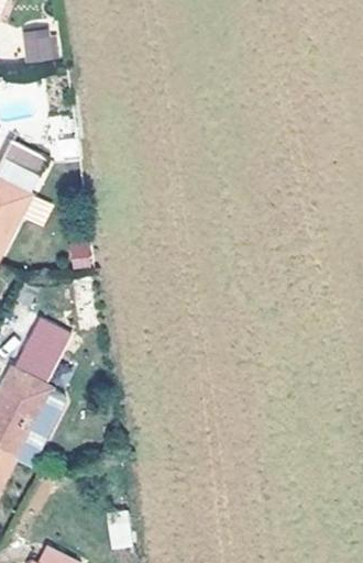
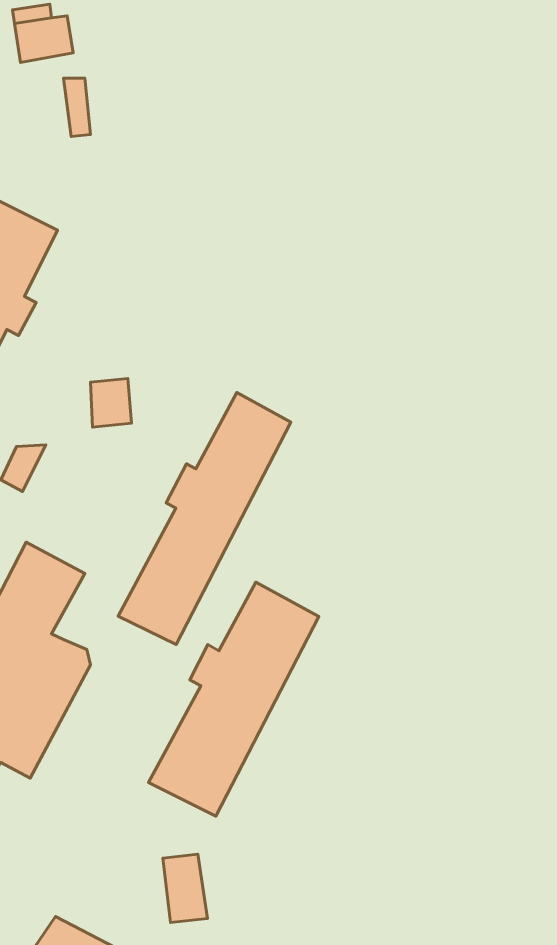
building: none -> [118,392,291,645]
building: none -> [149,582,319,816]

